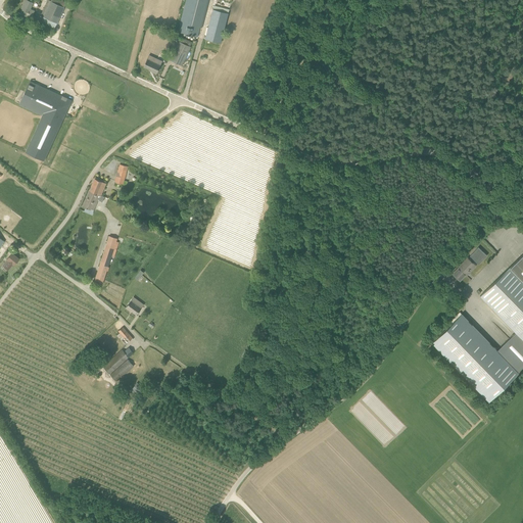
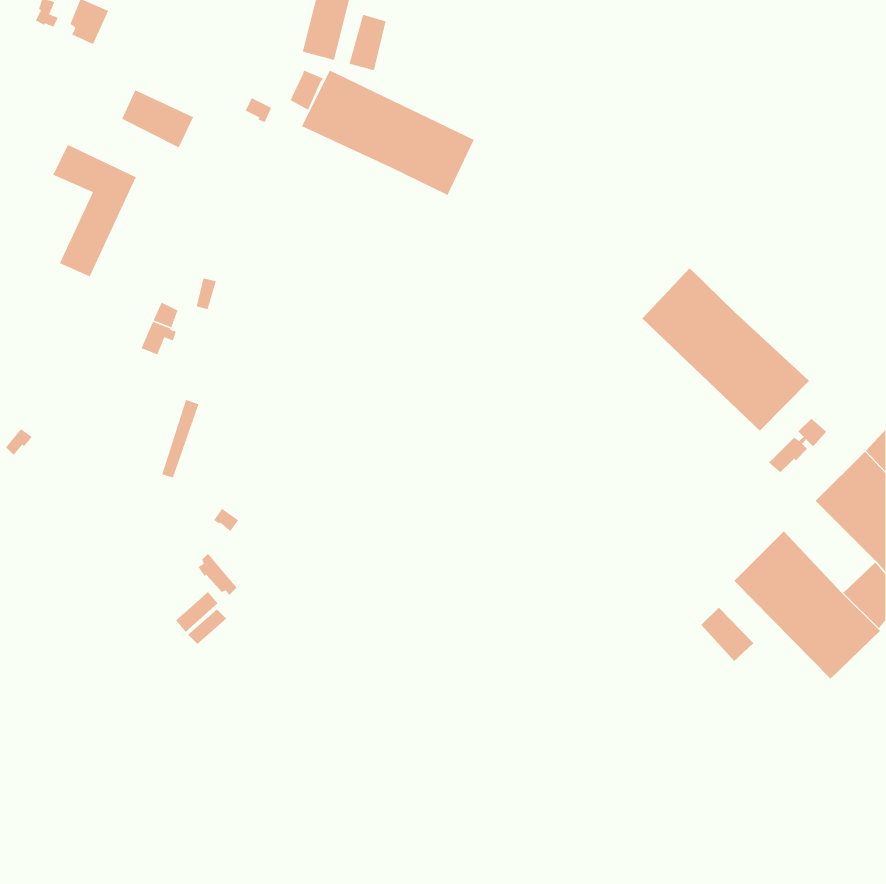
building: none -> [301,70,475,196]
building: none -> [121,89,194,149]
building: none -> [642,268,810,432]
building: none -> [701,607,754,662]

